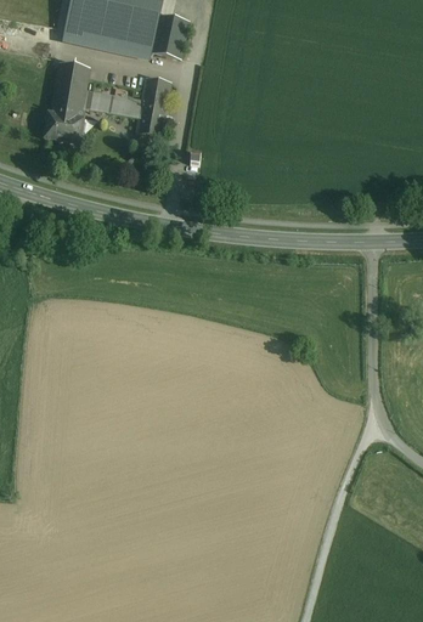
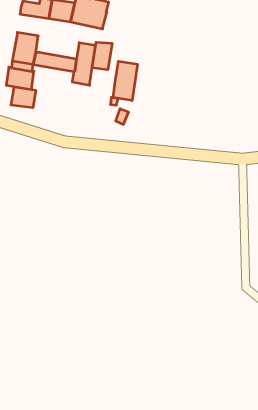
building: none -> [92,42,112,70]
building: none -> [113,61,137,101]
building: none -> [11,87,36,108]

